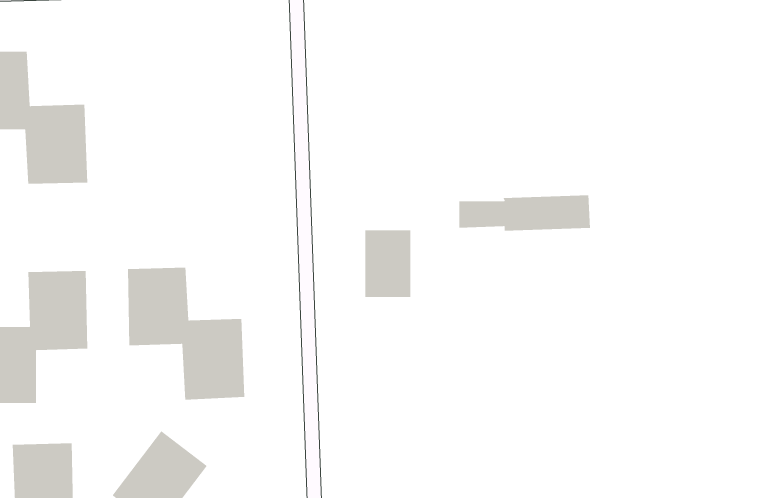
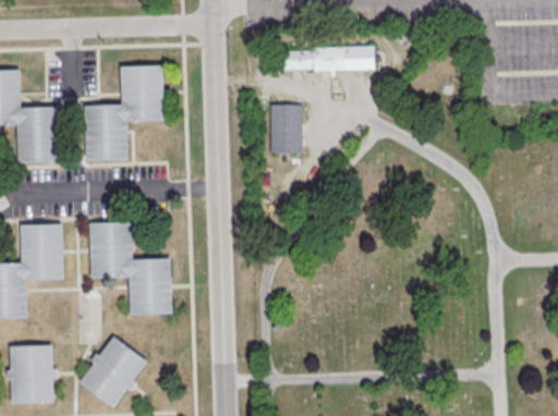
building: none -> [84,63,165,160]
building: [459,194,591,232] -> [284,46,377,72]
building: [365,229,411,298] -> [271,105,304,152]

